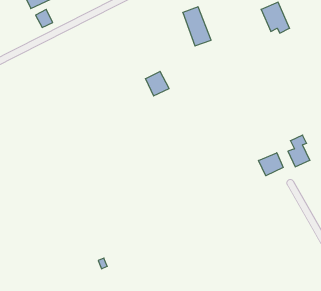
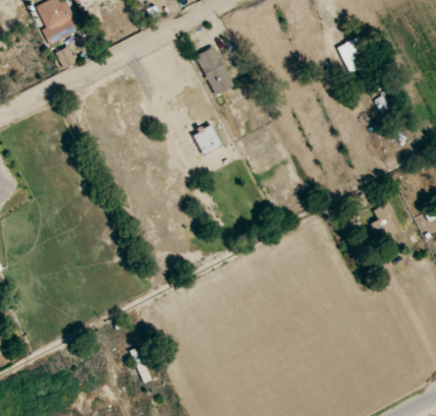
building: [183,7,211,46] -> [197,46,232,95]
building: [259,153,283,176] -> none

